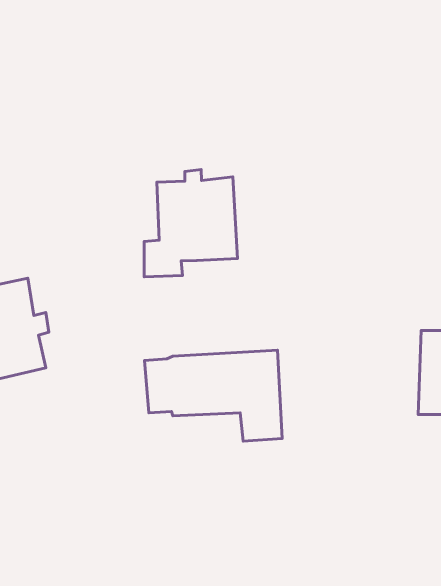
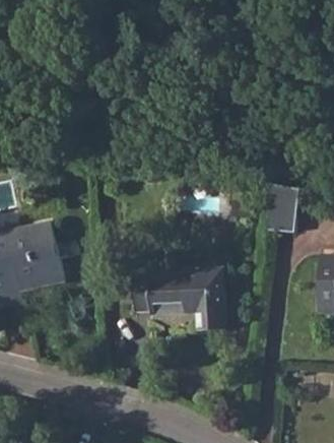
building: [144,170,237,277] -> none
building: none -> [267,183,297,231]

